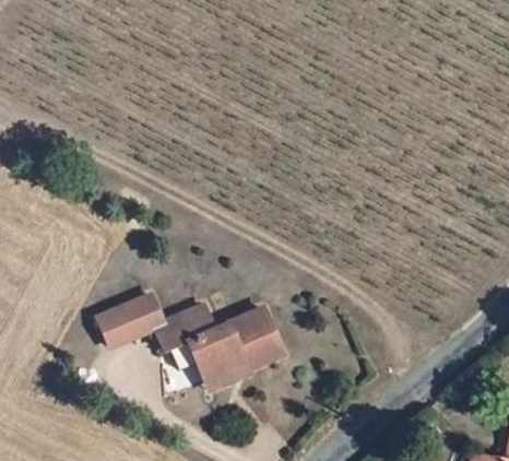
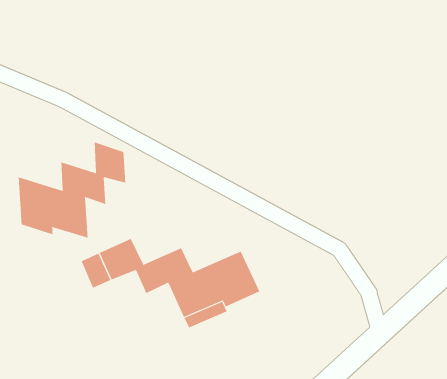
building: none -> [18,142,126,239]

